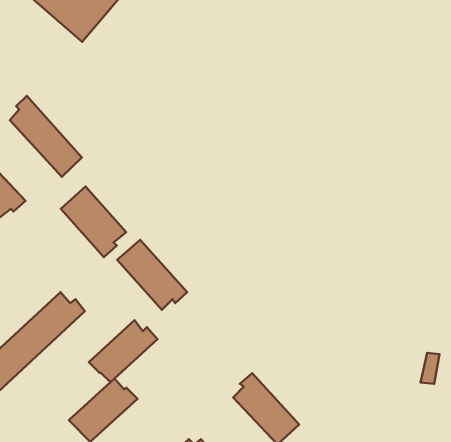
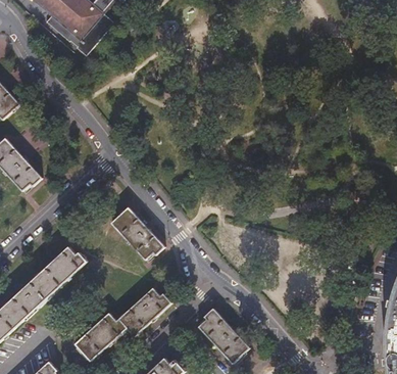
building: [10,96,82,177] -> none
building: [61,187,126,257] -> none
building: [89,320,158,382] -> [118,287,170,334]

